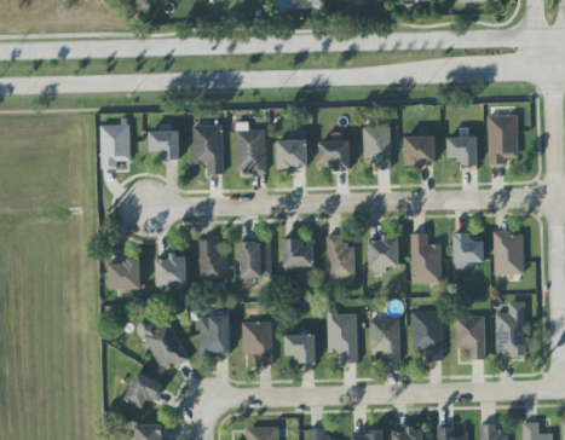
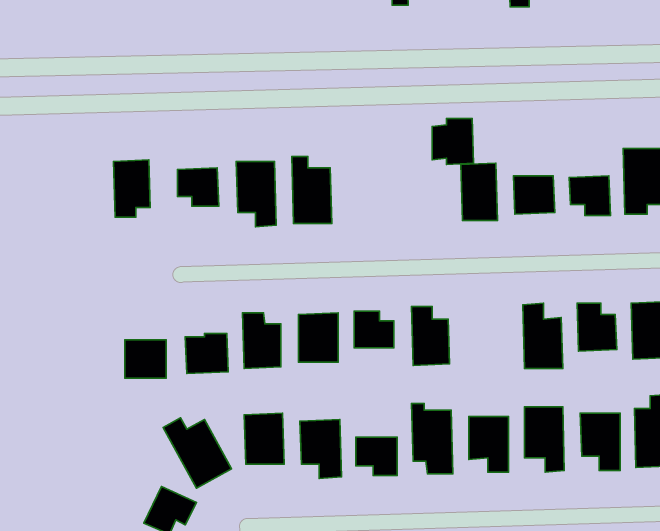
building: [319,135,351,170] -> [432,118,474,165]
building: [277,139,307,168] -> none
building: [369,236,399,272] -> none

